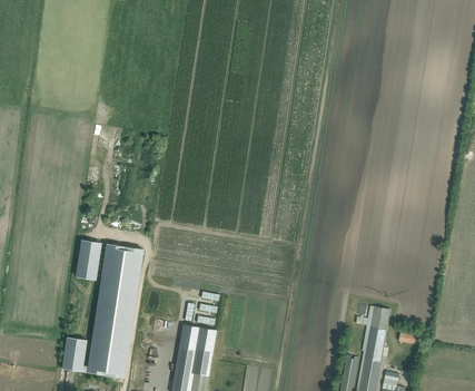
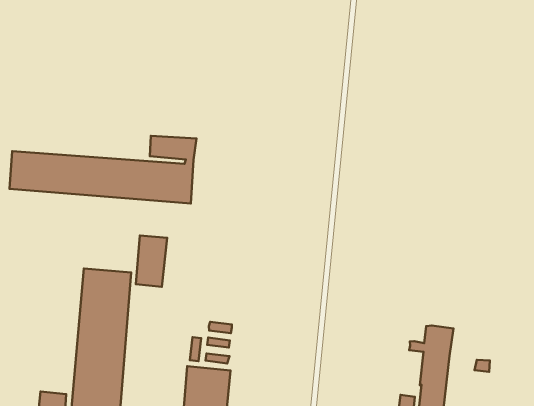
building: none -> [10,136,196,203]
building: [75,238,101,280] -> [136,235,167,287]

